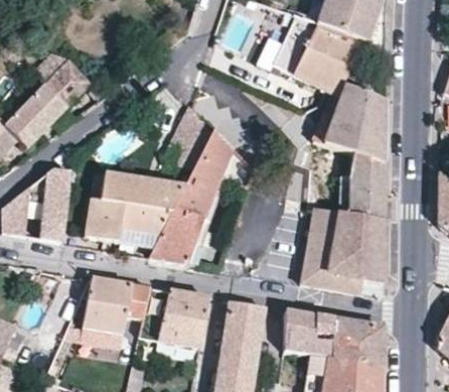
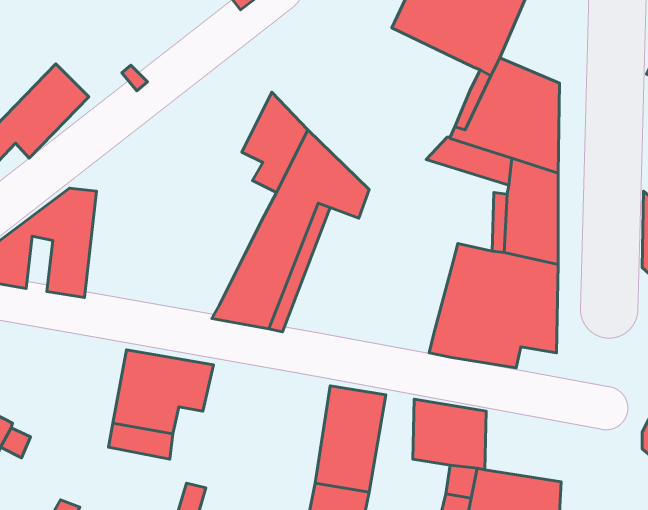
building: [45,58,92,107] -> none
building: [85,171,185,247] -> none
building: [141,287,210,348] -> none
building: [333,318,386,366] -> none

